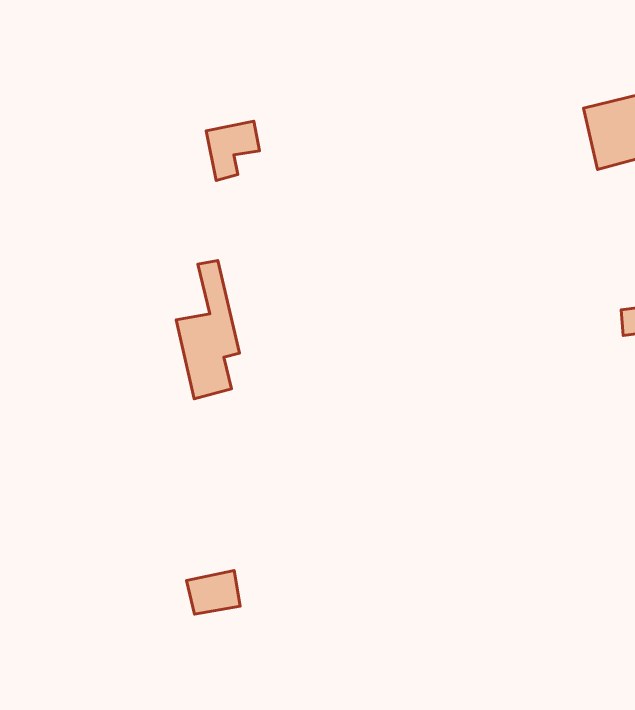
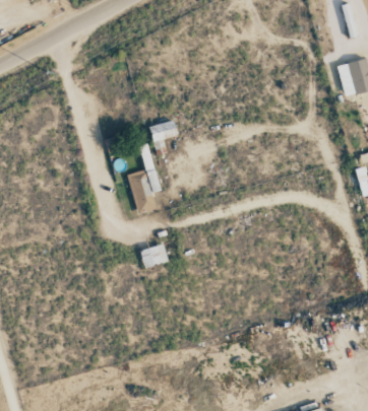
building: [206,121,260,180] -> [149,121,177,151]
building: [187,571,240,614] -> [140,245,168,267]

